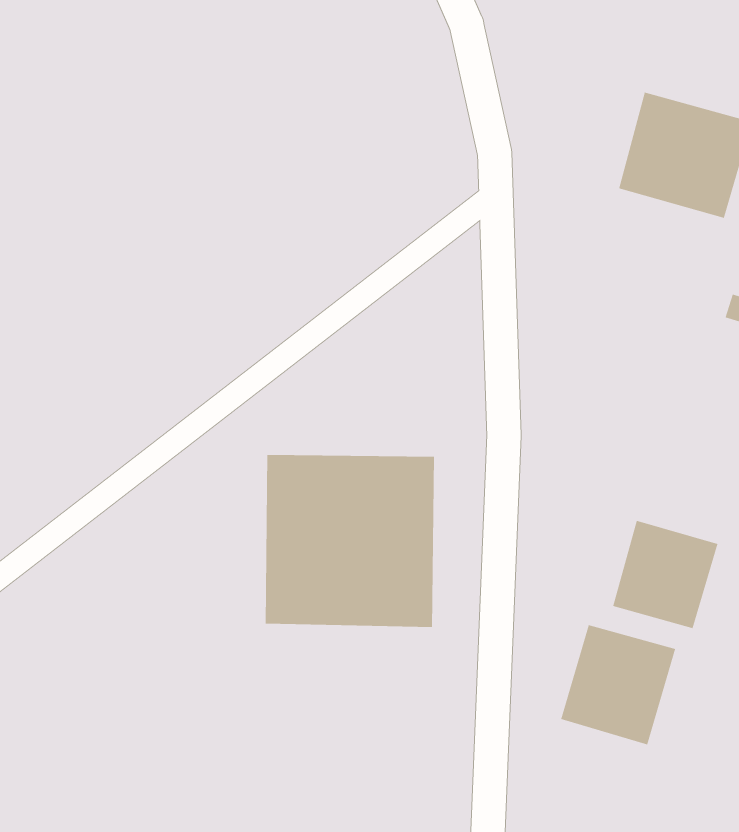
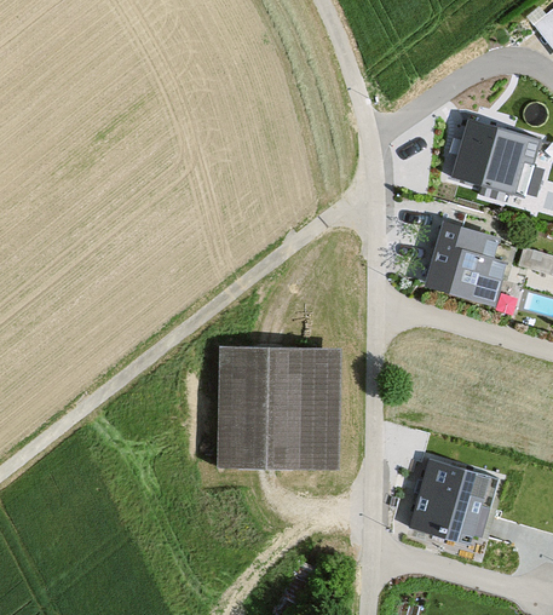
building: none -> [416,223,506,311]
building: [612,520,719,629] -> none

